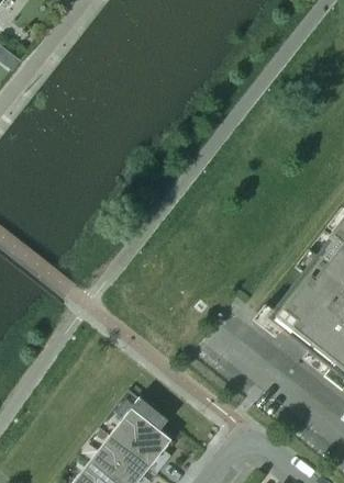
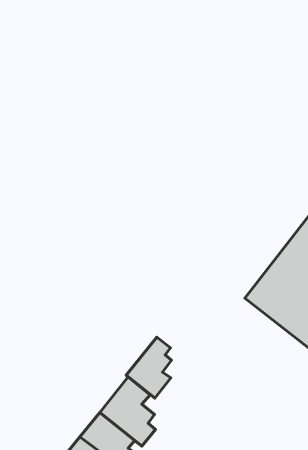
building: none -> [126,337,172,398]

